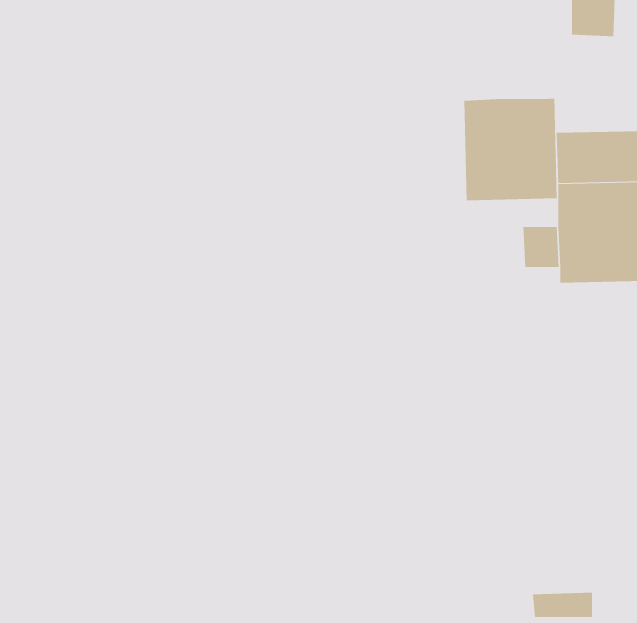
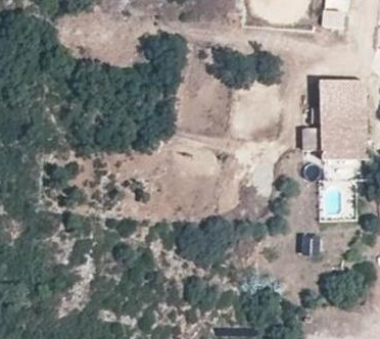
building: [464,98,557,201] -> none

